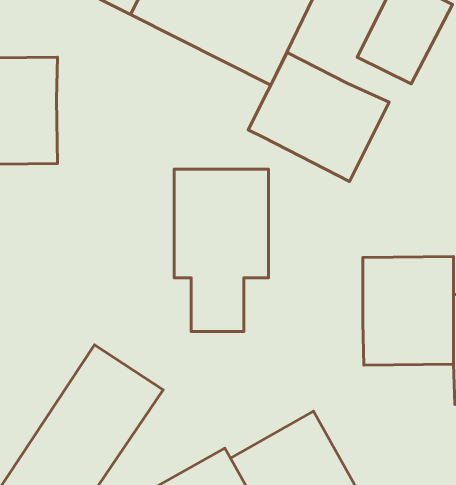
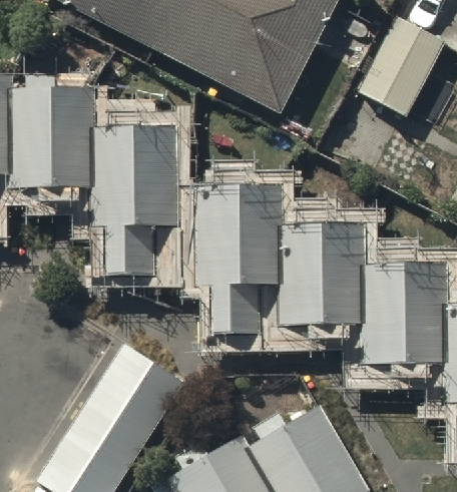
building: [248,53,389,181] -> none
building: none -> [91,124,179,274]
building: none -> [281,223,365,325]

